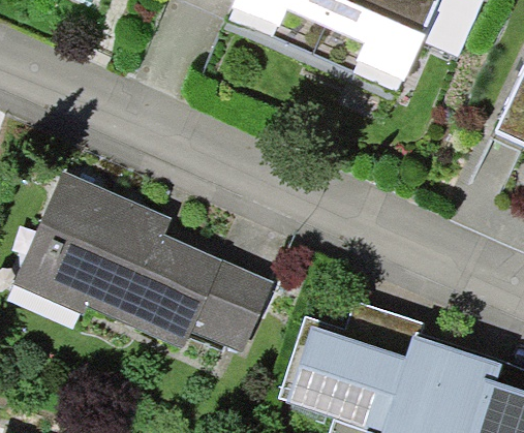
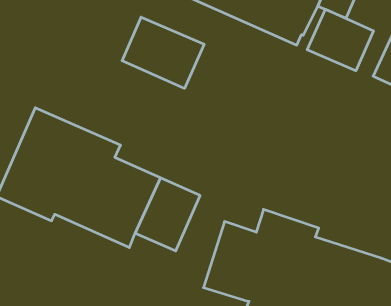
building: none -> [307,9,373,71]
building: none -> [122,17,204,88]

